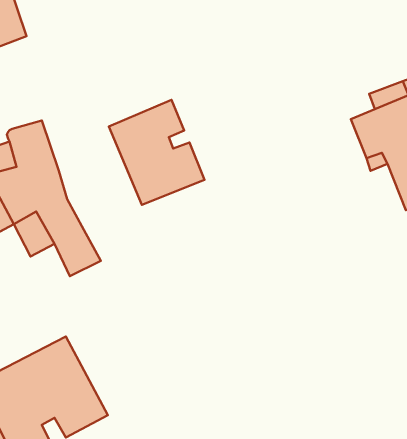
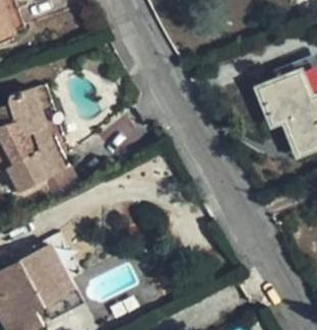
building: [109,100,204,205] -> none

